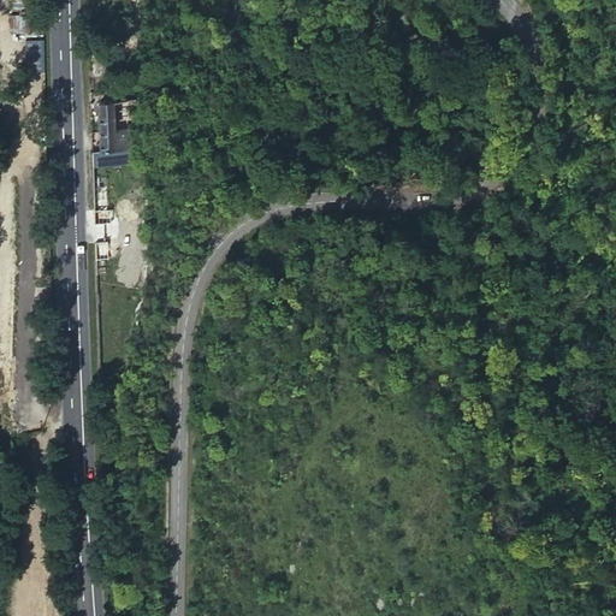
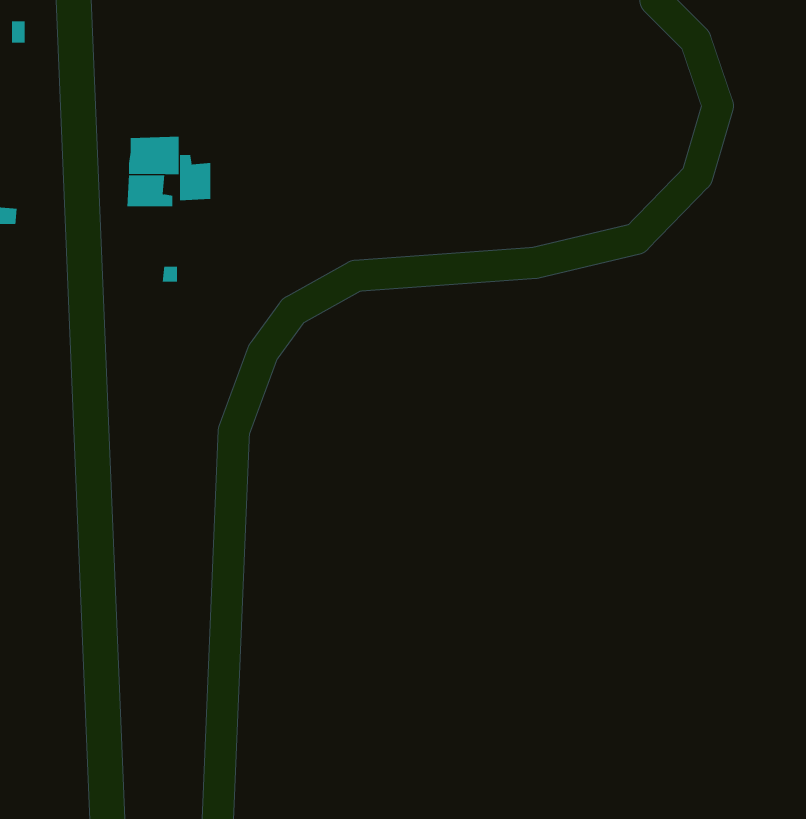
building: none -> [179,154,211,201]

